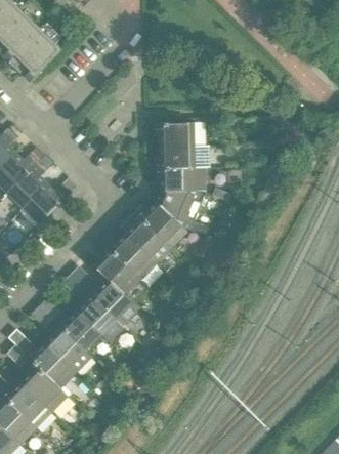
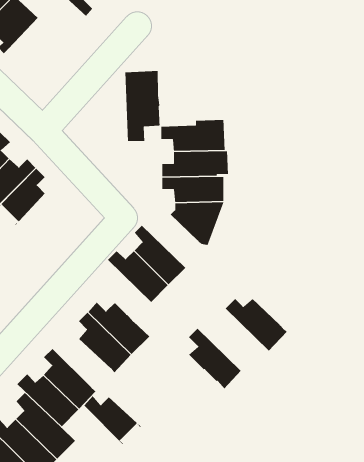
building: [14,28,61,80] -> none
building: none -> [125,70,161,142]
building: [20,182,72,226] -> none
building: [132,201,187,248] -> [225,298,287,352]
building: [93,241,140,295] -> [188,328,242,390]
building: [53,309,104,354] -> [83,395,141,445]

